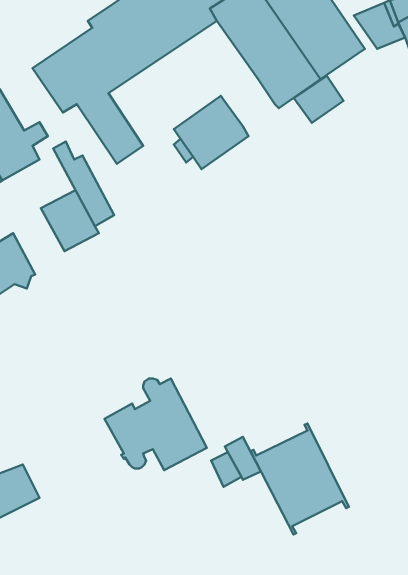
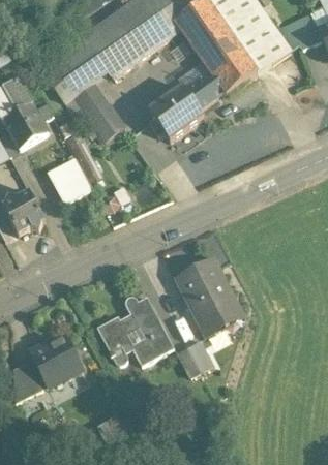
building: [294,76,344,123] -> [186,73,223,109]
building: [251,424,349,534] -> [172,256,245,339]
building: none -> [30,339,81,385]

